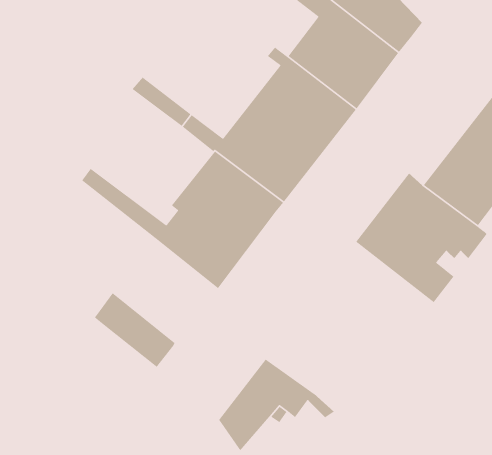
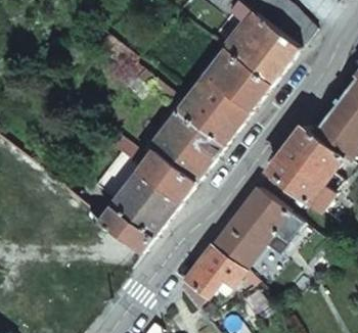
building: none -> [111,168,180,235]
building: none -> [211,186,287,268]

